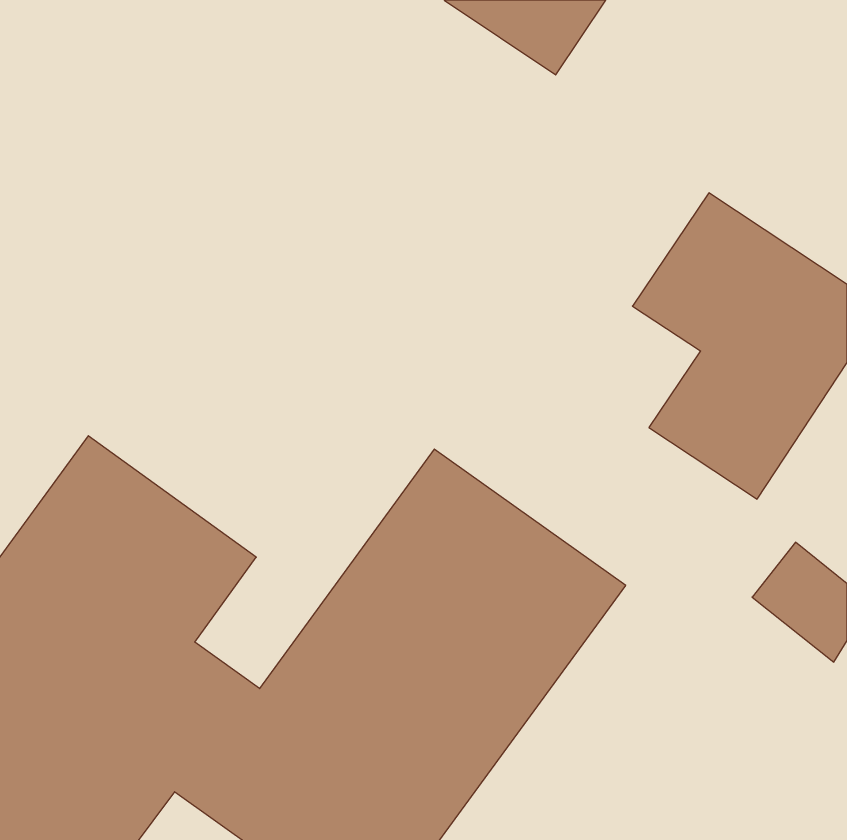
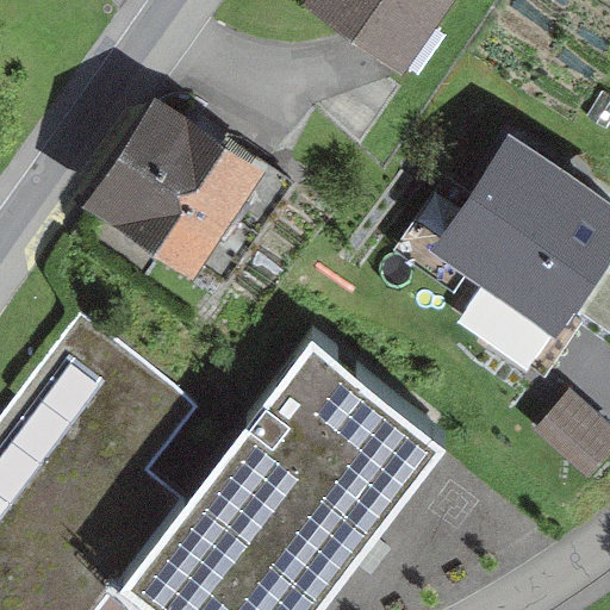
building: none -> [94,111,275,282]

